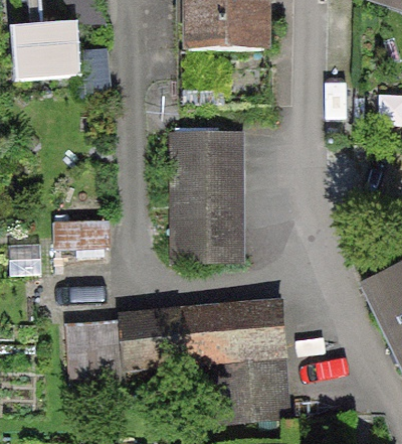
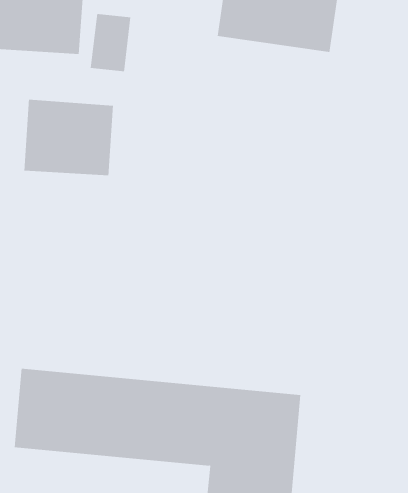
building: none -> [24,99,114,176]
building: [175,128,242,260] -> none

